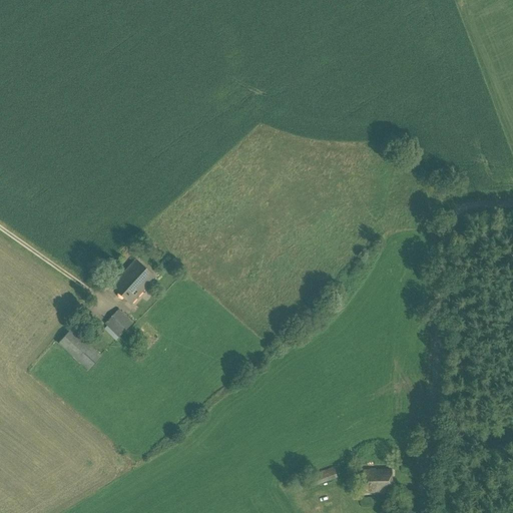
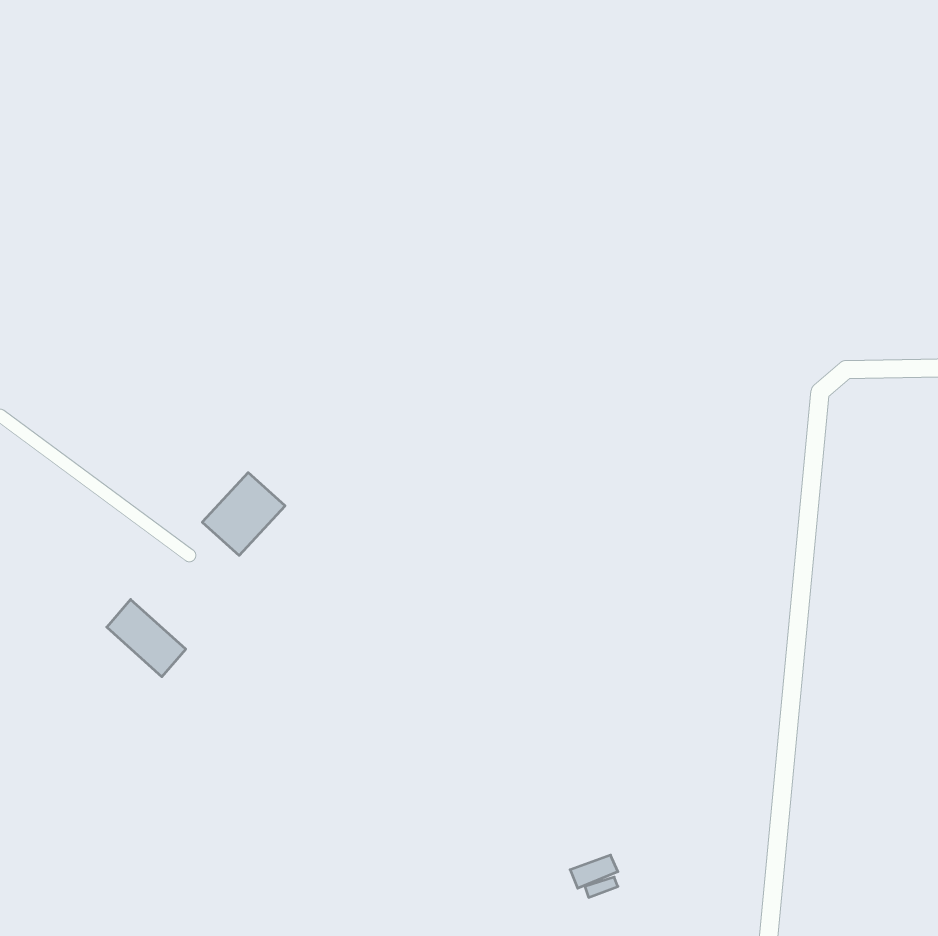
building: [105,307,133,336] -> none
building: [364,468,393,491] -> none

